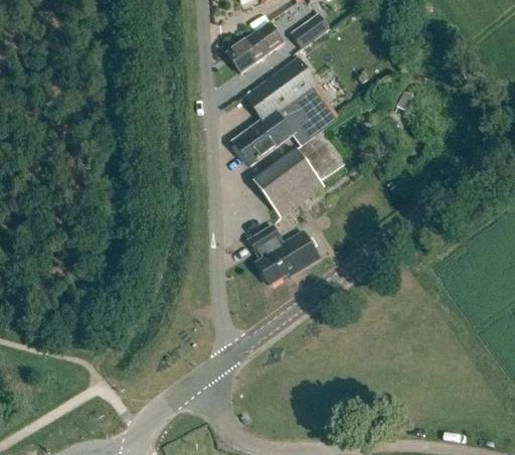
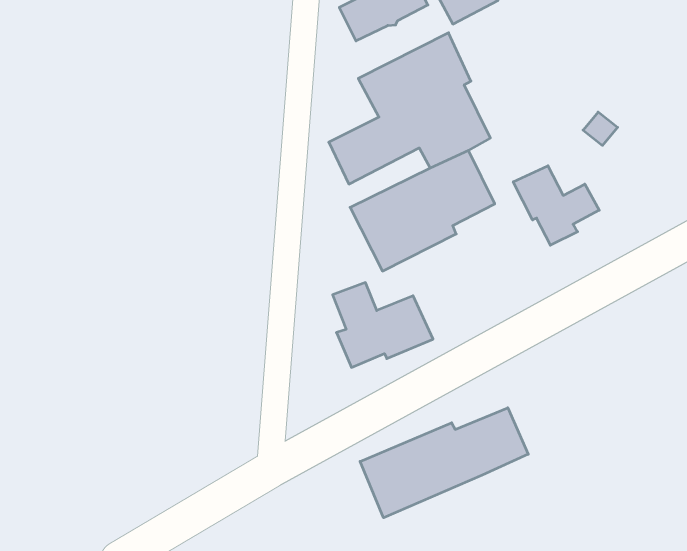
building: none -> [513,166,599,245]
building: none -> [360,408,528,518]

